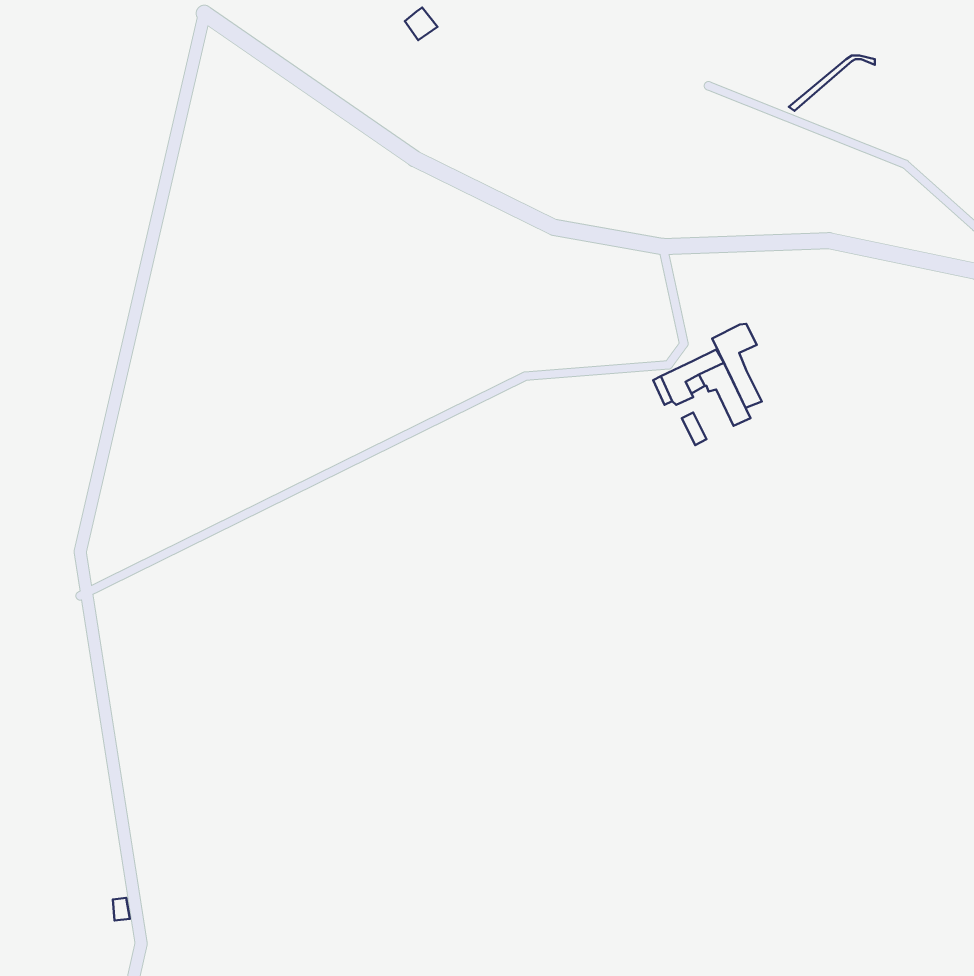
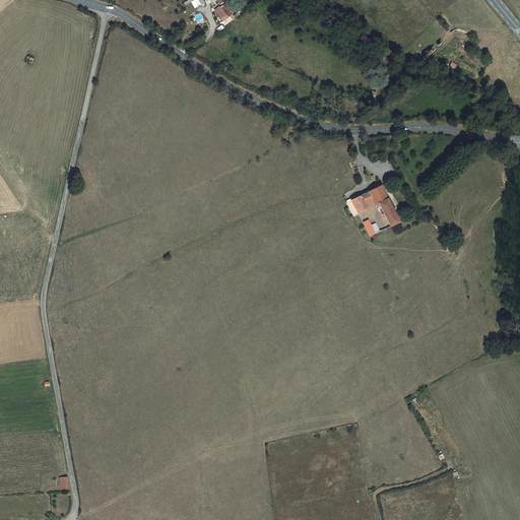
building: [712,324,762,408] -> none

